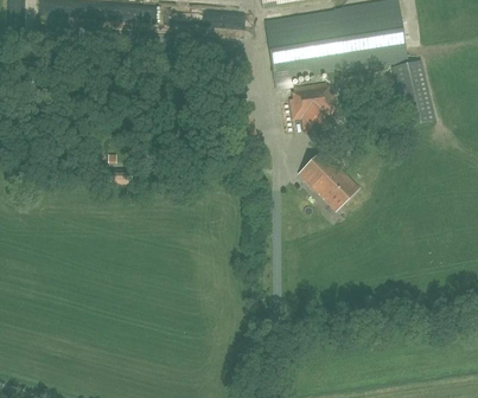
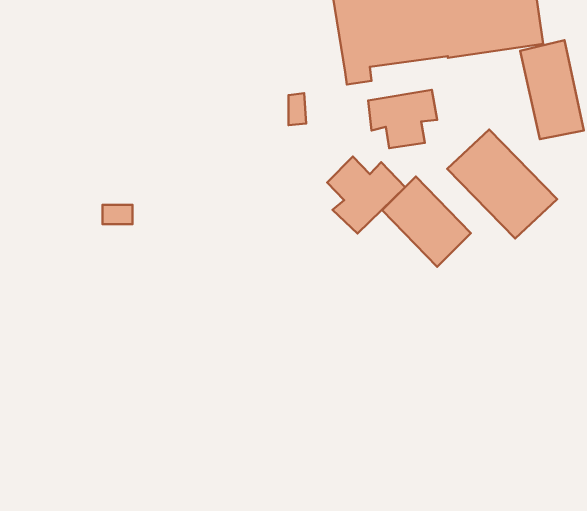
building: none -> [447,129,557,239]
building: none -> [327,157,405,233]

